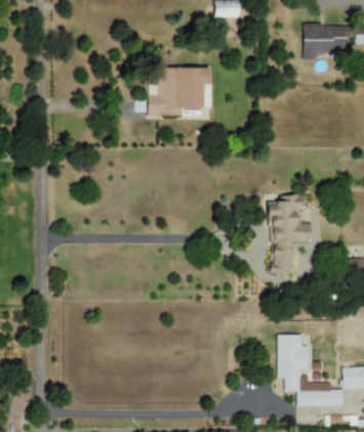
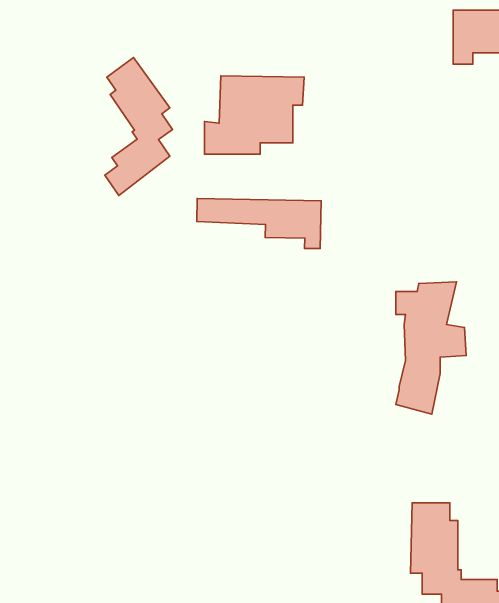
building: none -> [105,58,172,196]
building: none -> [197,198,321,249]

